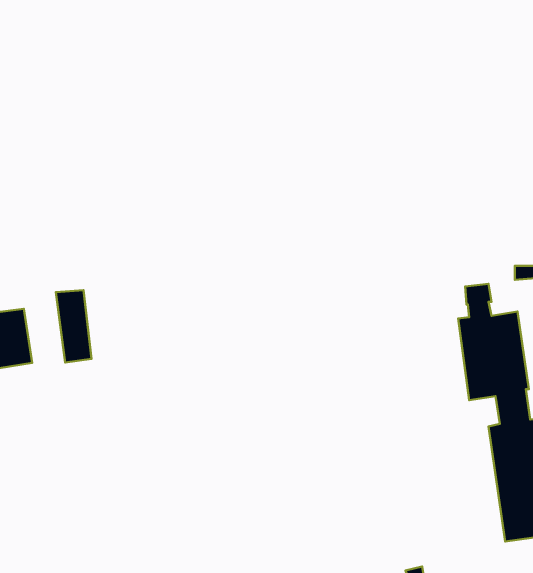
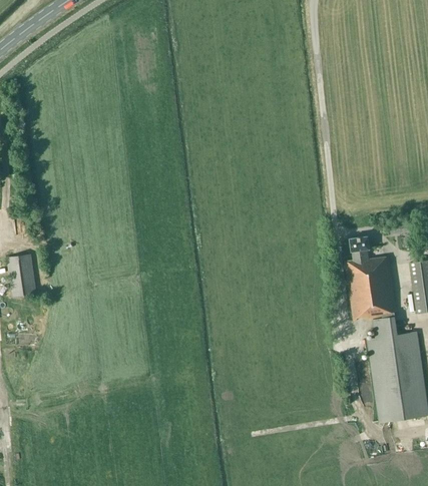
building: [56,290,91,362] -> none

